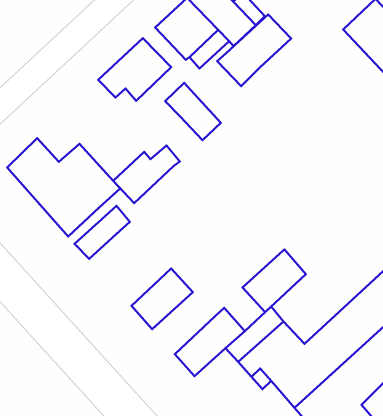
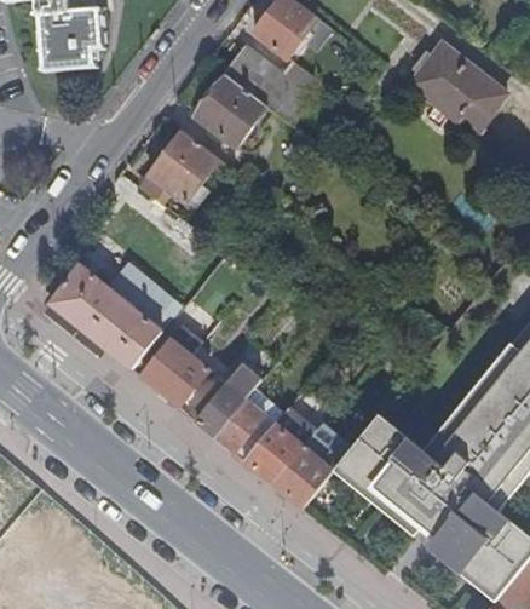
building: [217,14,291,86] -> none
building: [165,83,221,140] -> none
building: [113,146,180,203] -> [189,367,261,438]
building: none -> [160,355,208,408]
building: [242,250,306,312] -> [244,410,315,486]

